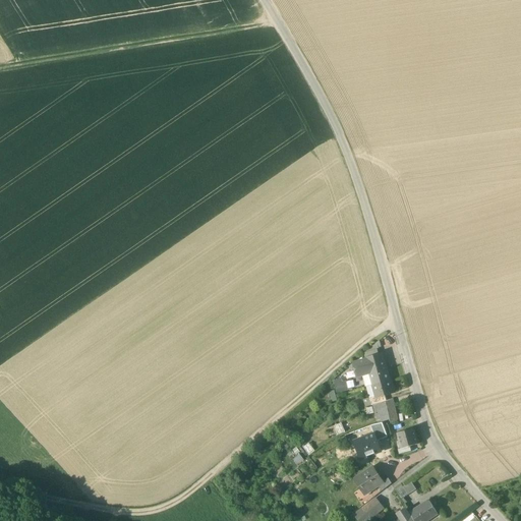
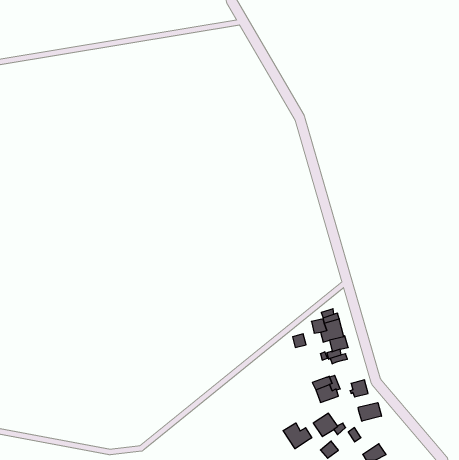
building: none -> [358,403,381,421]
building: none -> [283,423,312,449]

